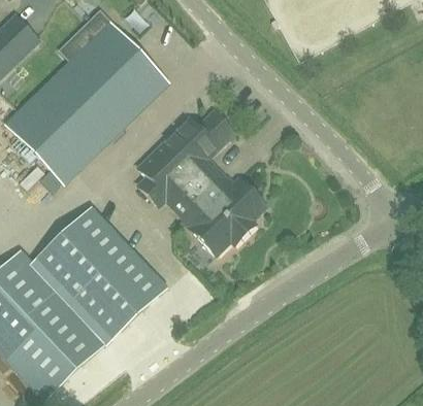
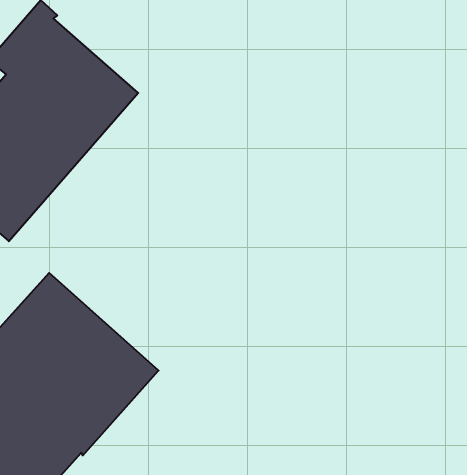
building: [139,97,266,253] -> none

